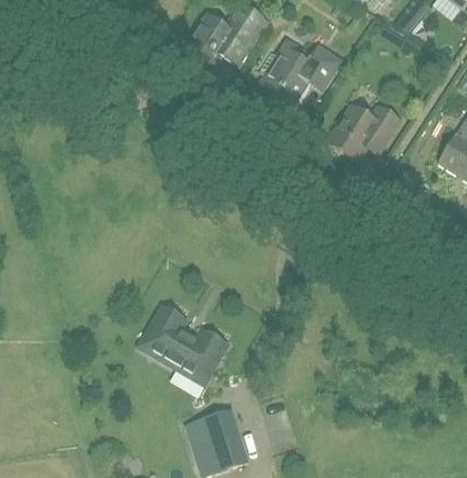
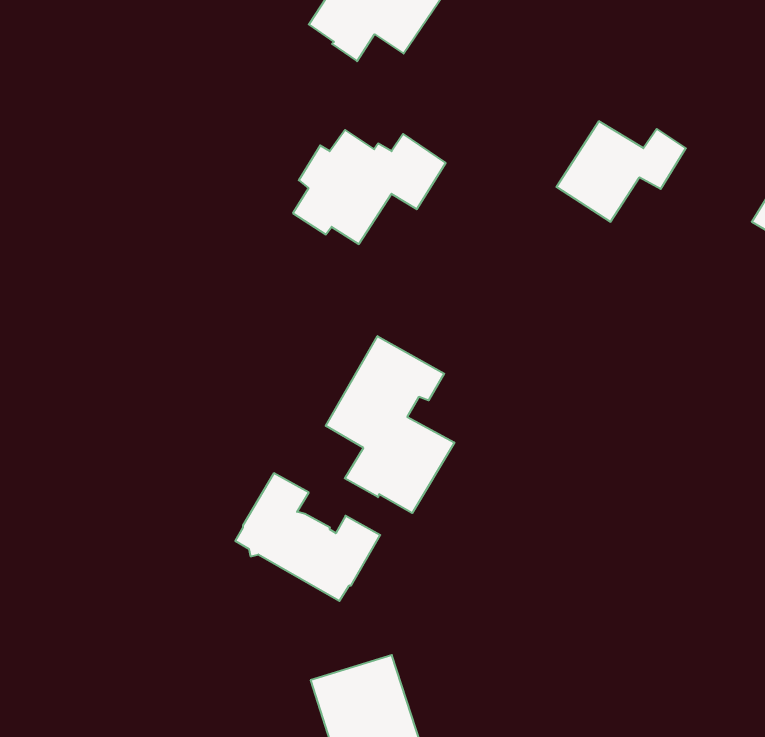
building: [255,40,343,105] -> [293,130,446,244]
building: none -> [326,336,454,513]

